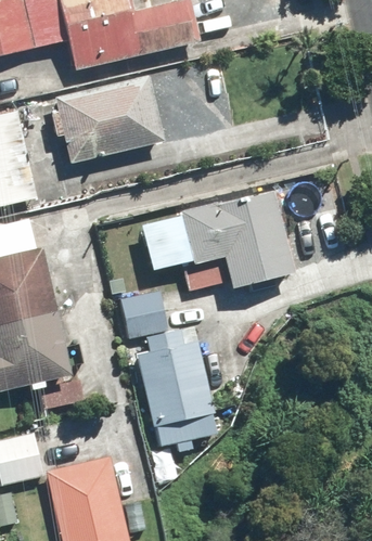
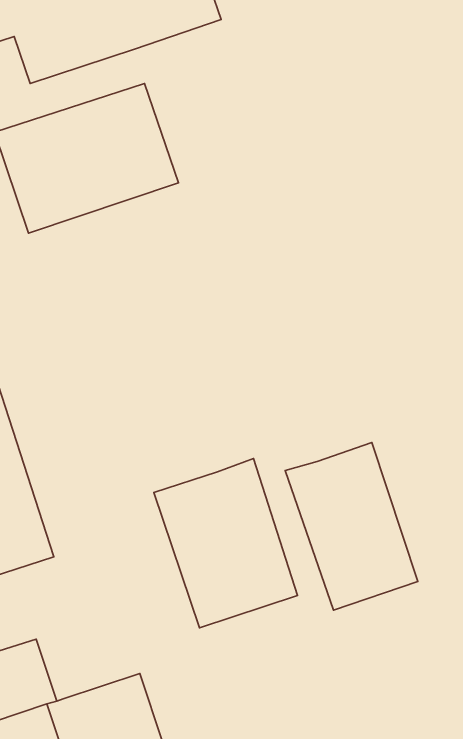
building: [143,191,293,293] -> none
building: [120,288,172,342] -> none
building: none -> [285,442,418,610]

